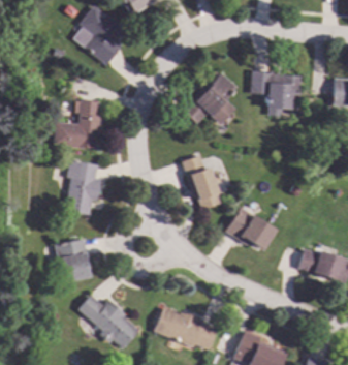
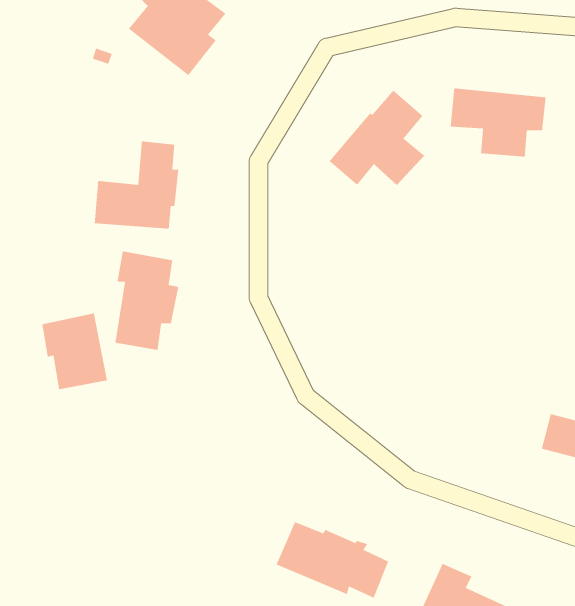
building: [182,155,222,210] -> none
building: [225,207,275,250] -> none
building: [56,239,92,281] -> [42,313,108,390]
building: [78,295,138,348] -> none

